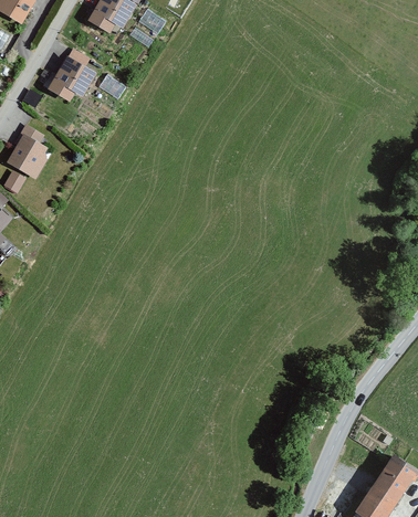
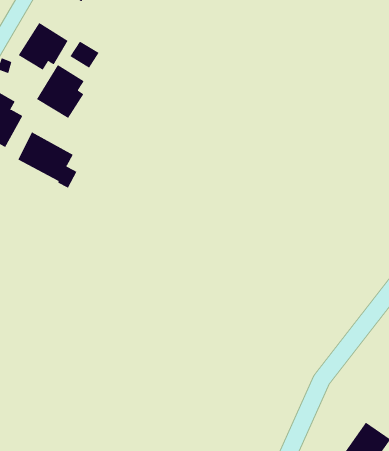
building: none -> [36,64,84,119]
building: none -> [17,132,77,189]

